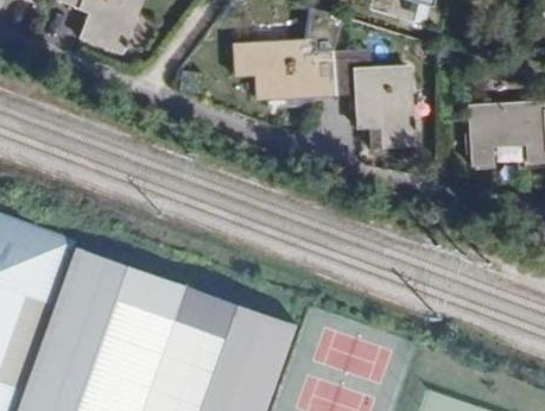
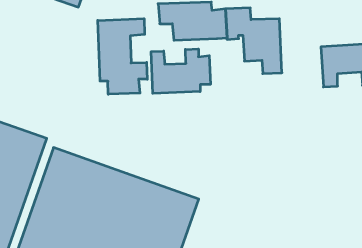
building: none -> [98,19,147,94]
building: none -> [151,49,210,93]

